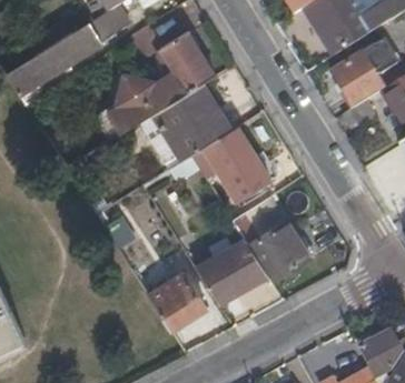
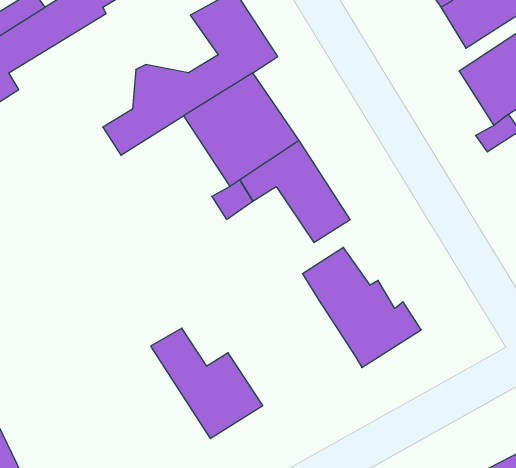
building: [196,233,266,300] -> none

